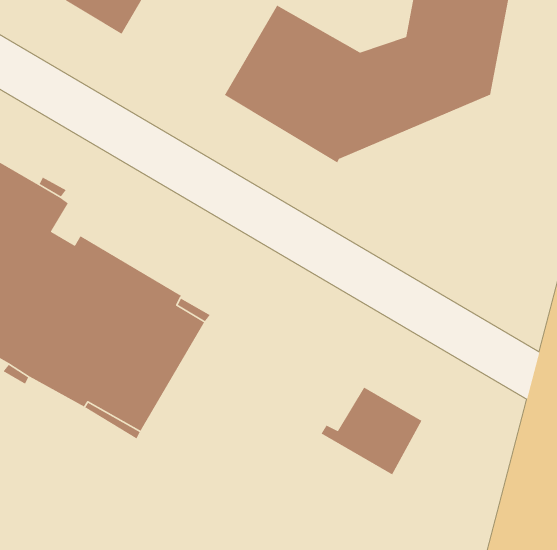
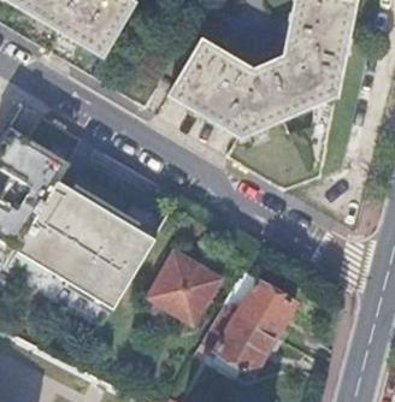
building: none -> [149,254,220,326]
building: none -> [204,307,275,372]

